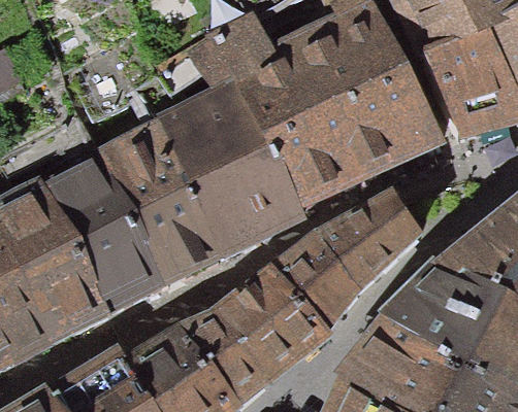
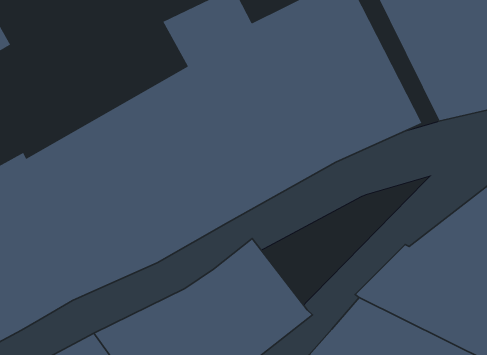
building: [276,193,422,331] -> none

